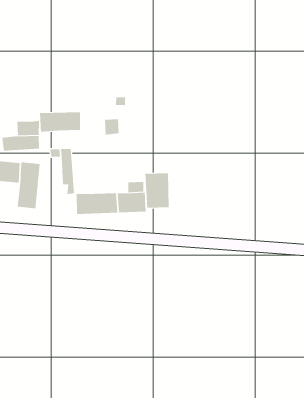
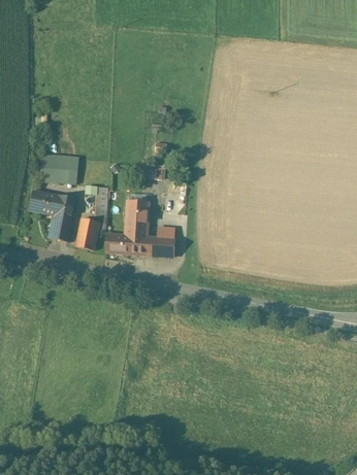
building: [39,111,80,132] -> none
building: [144,173,170,208] -> [124,199,150,235]
building: none -> [75,217,99,249]

